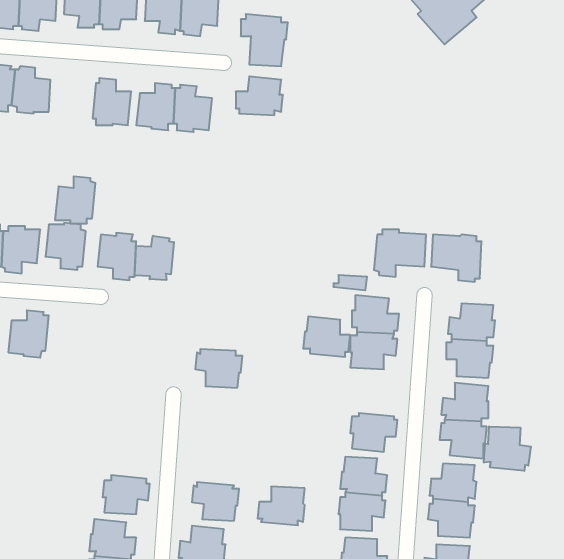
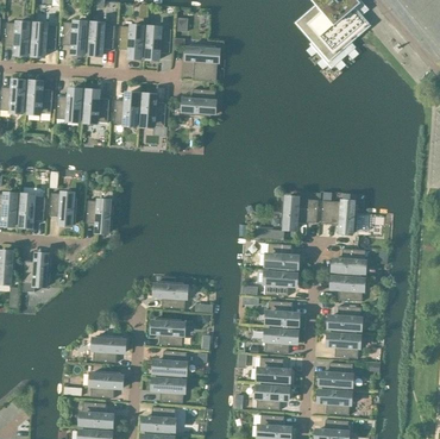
building: [55,176,95,223] -> [56,87,84,120]
building: [135,236,174,280] -> none
building: [303,316,350,357] -> [265,299,298,327]
building: none -> [152,316,186,344]
building: none -> [92,333,125,360]
building: [484,426,531,471] -> none
building: [258,487,305,525] -> [153,349,187,376]

